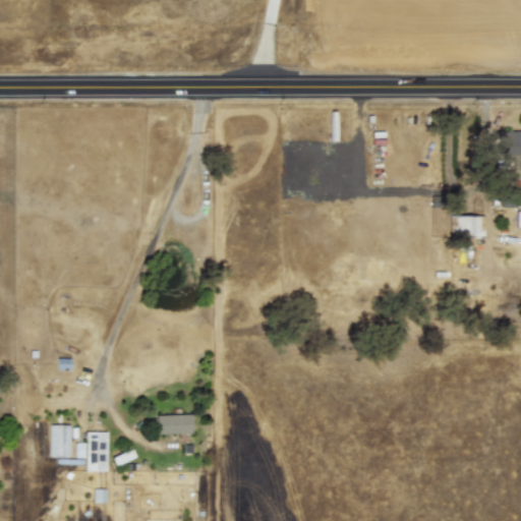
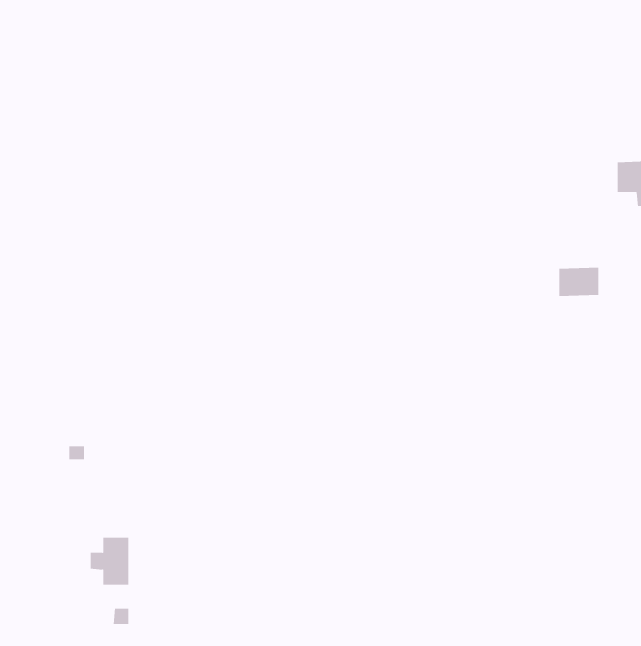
building: [158,415,194,435] -> none
building: [52,425,72,458] -> none

